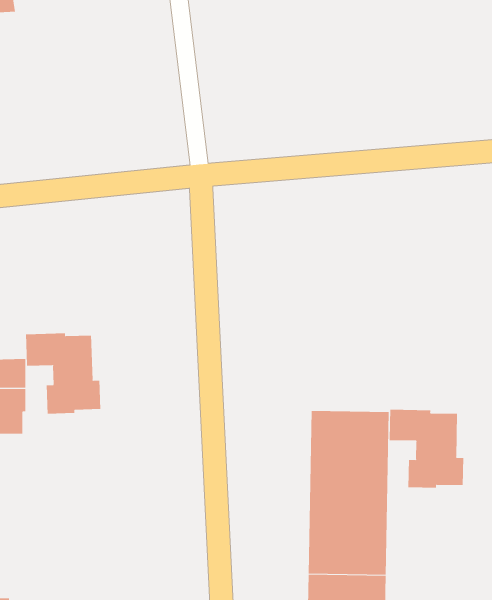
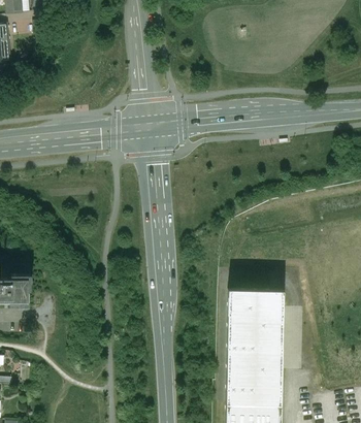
building: [25,332,101,414] -> none
building: [389,409,464,489] -> none

